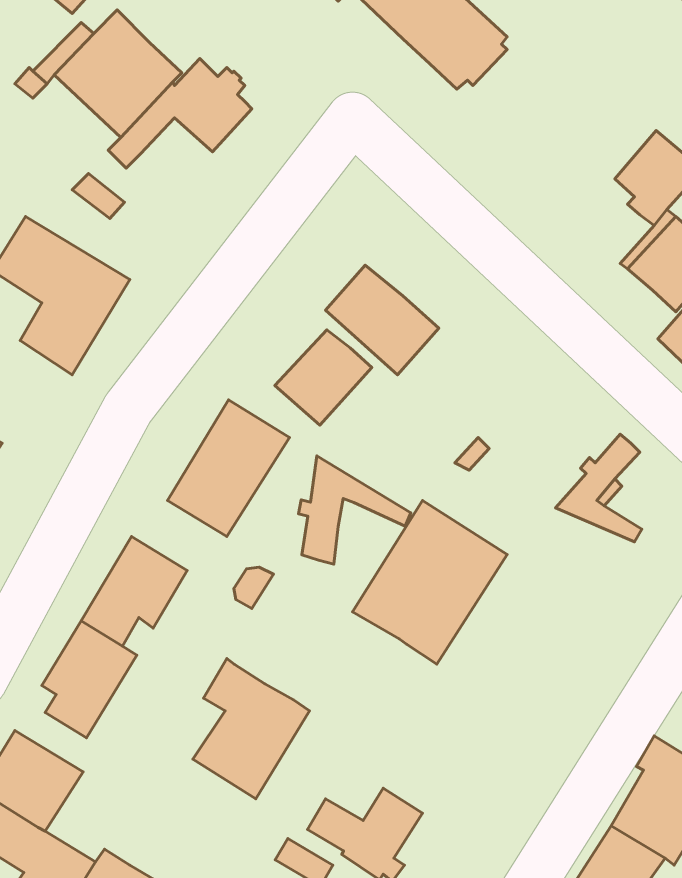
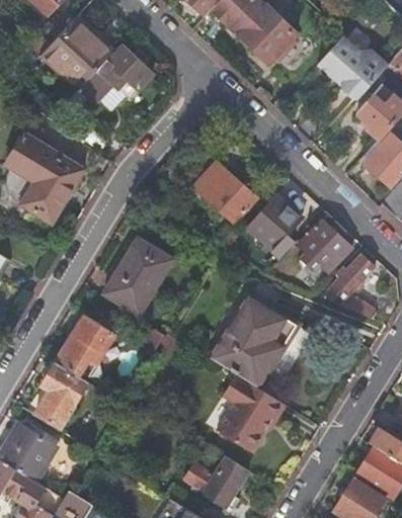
building: none -> [317,36,388,101]
building: [275,330,372,425] -> [248,197,303,251]
building: none -> [300,221,350,272]
building: [299,456,411,564] -> none
building: [193,659,310,799] -> [217,372,283,451]

